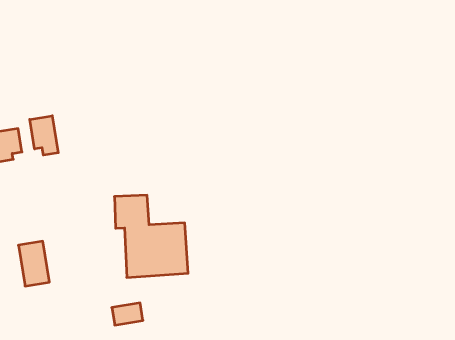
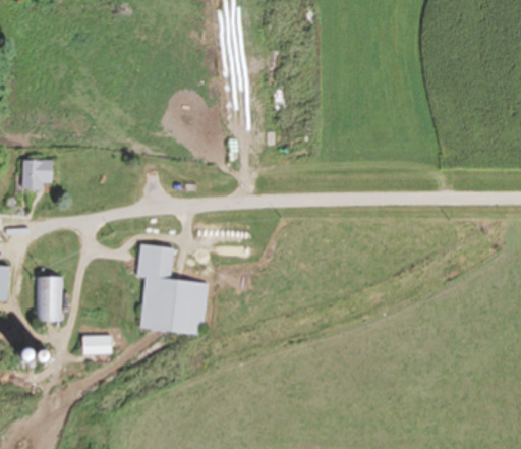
building: [30,116,58,155] -> none
building: [112,303,143,325] -> [82,335,112,353]

